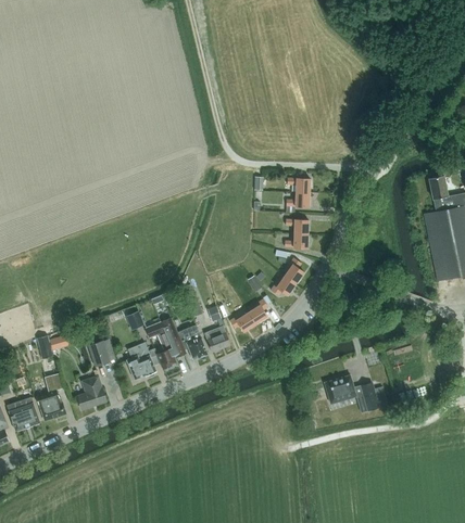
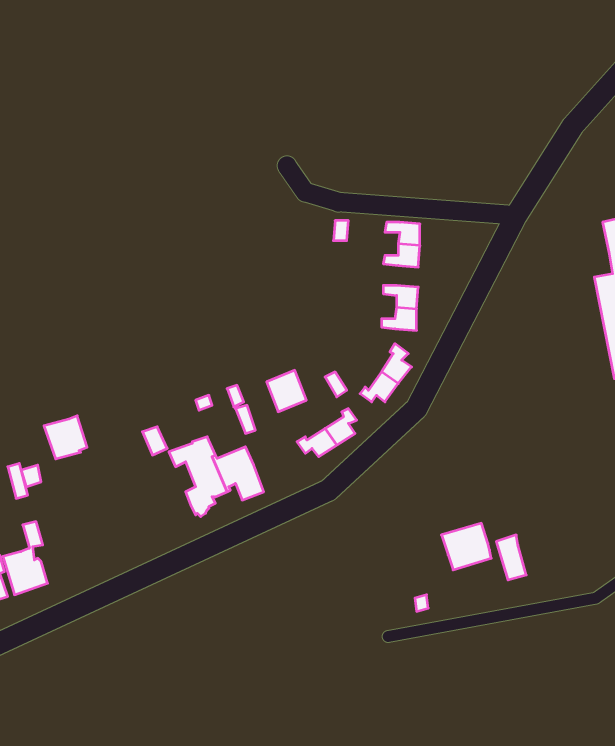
building: [203,326,229,353] -> [267,370,306,412]
building: [86,339,114,367] -> [44,416,87,459]
building: [125,342,159,380] -> none
building: [76,375,105,409] -> none

